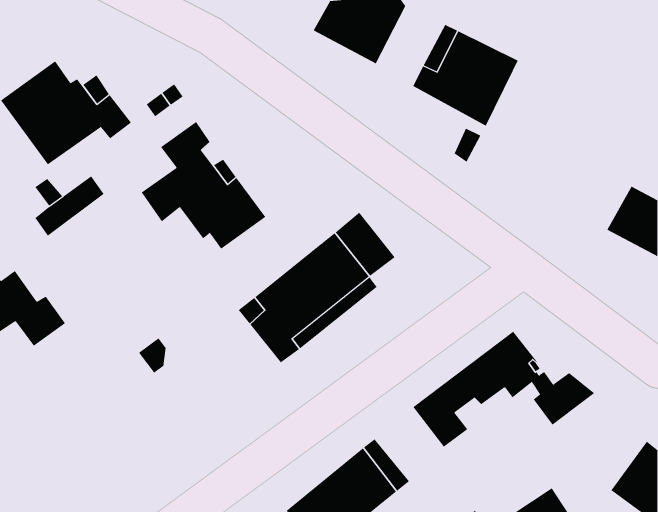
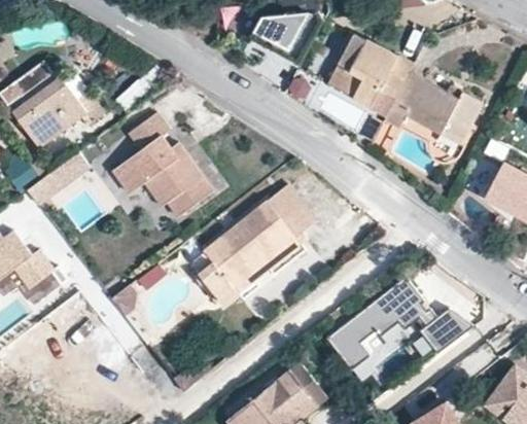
building: none -> [384,72,481,144]

